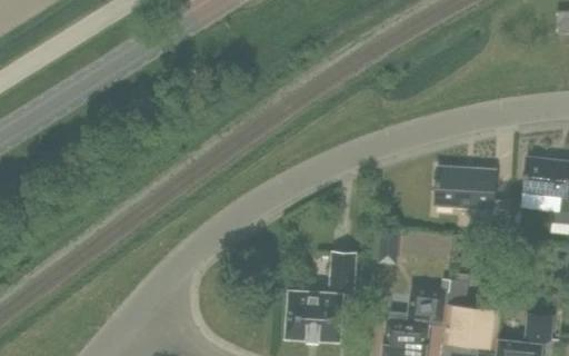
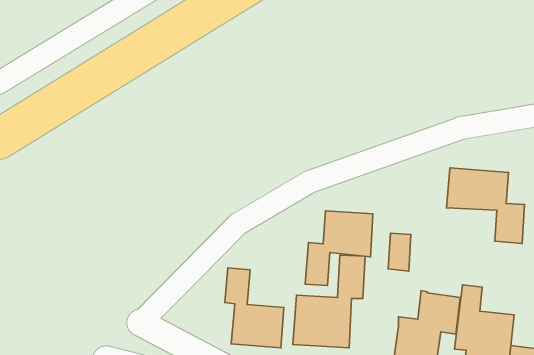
building: none -> [305,211,373,286]
building: none -> [225,268,284,348]

